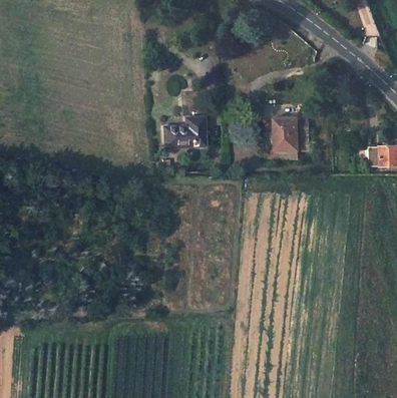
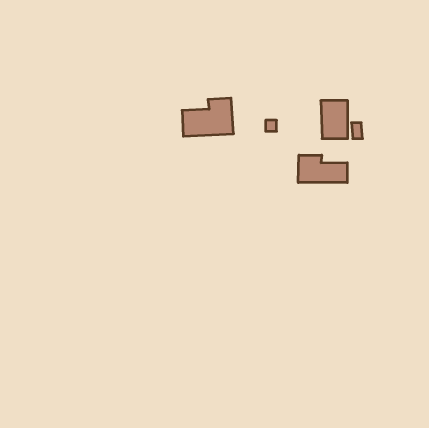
building: none -> [298,155,347,183]

